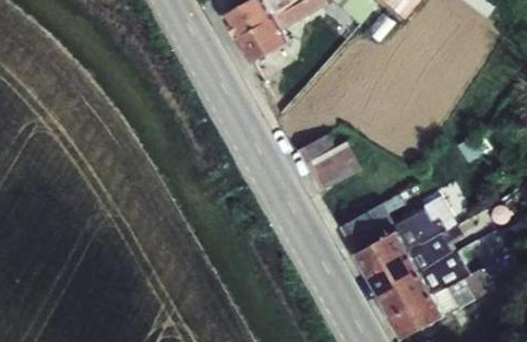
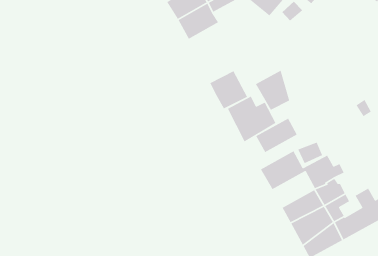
building: none -> [255,70,290,111]
building: none -> [209,70,248,110]
building: [354,229,407,274] -> [255,118,298,153]

